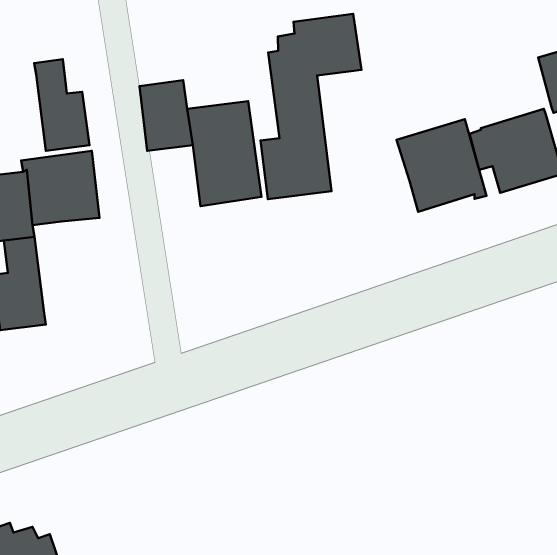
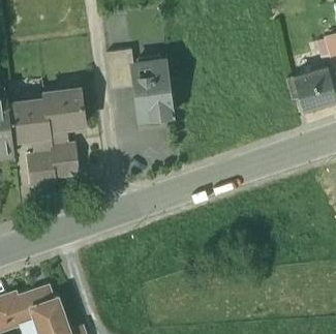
building: [260,14,361,199] -> none
building: [34,59,90,151] -> [50,126,80,176]
building: [396,119,486,212] -> none

